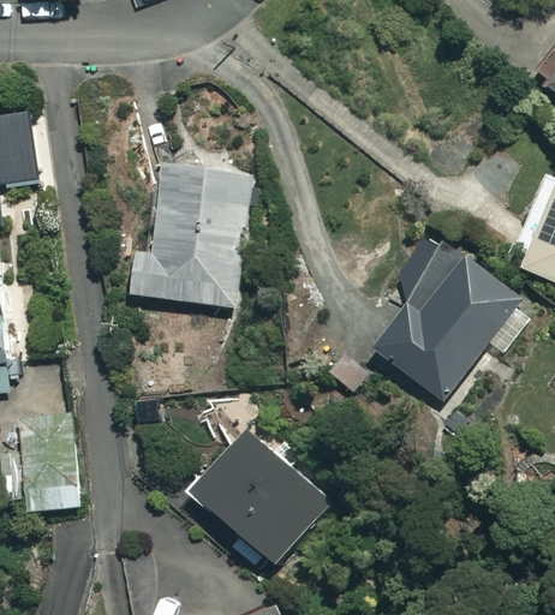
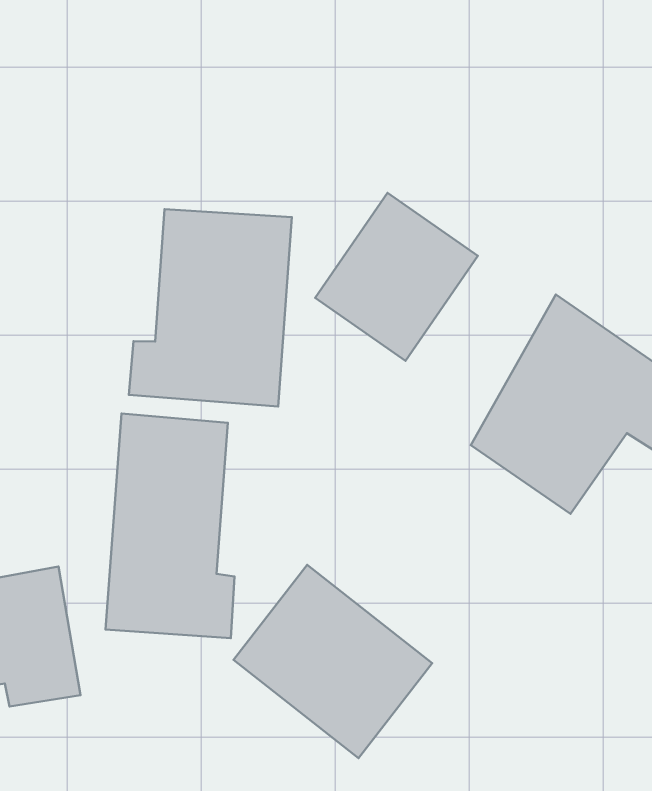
building: none -> [315,193,478,361]
building: none -> [105,413,235,638]

